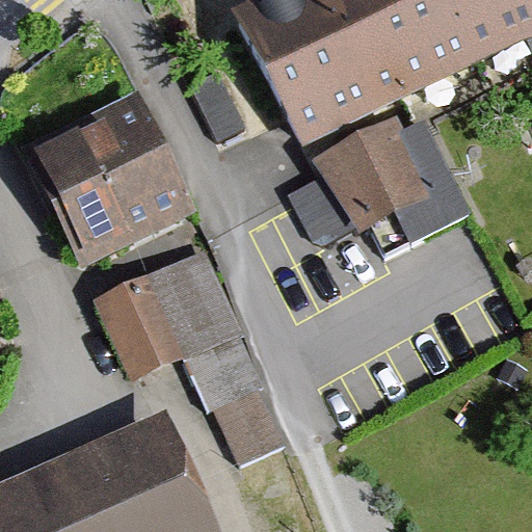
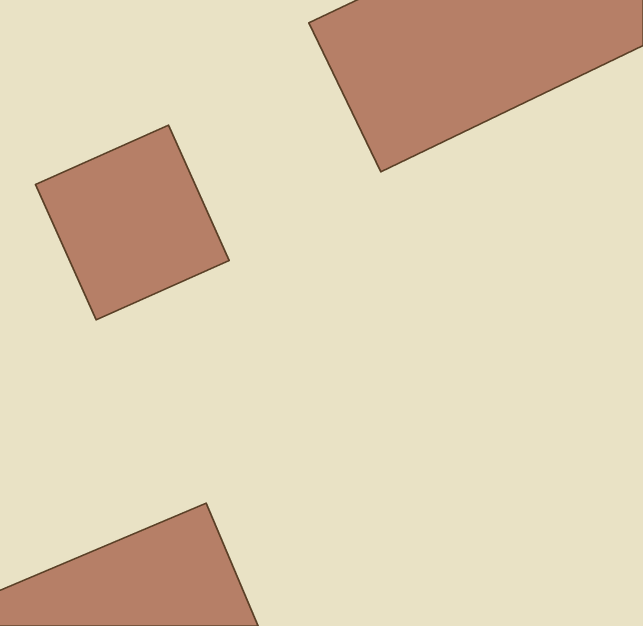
building: [288,108,471,235] -> none
building: [96,258,272,455] -> none

